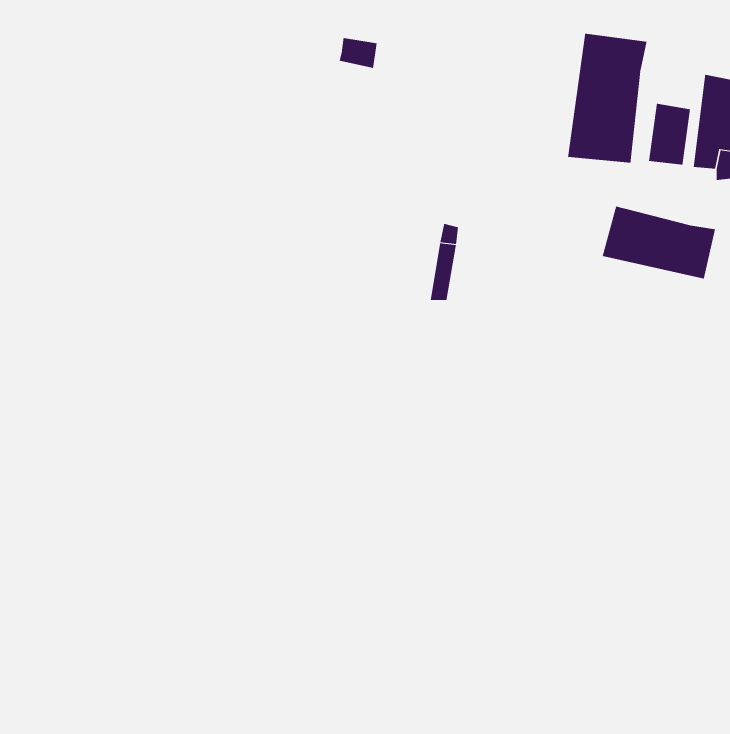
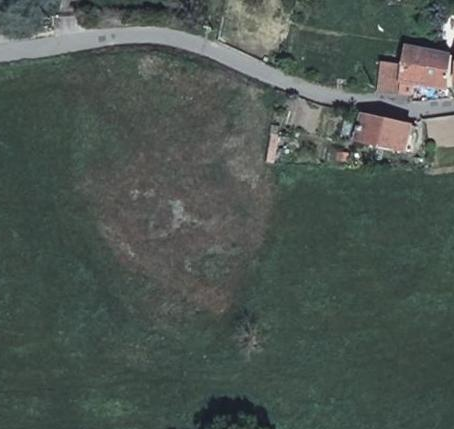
building: [568,33,647,164] -> none

